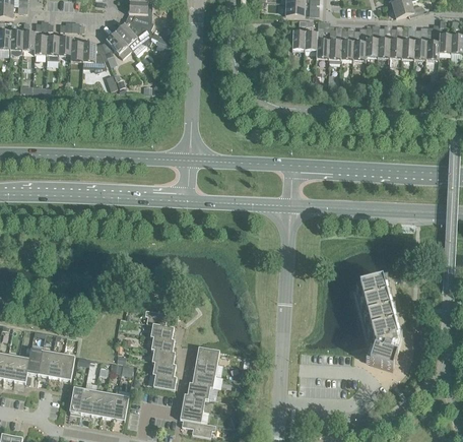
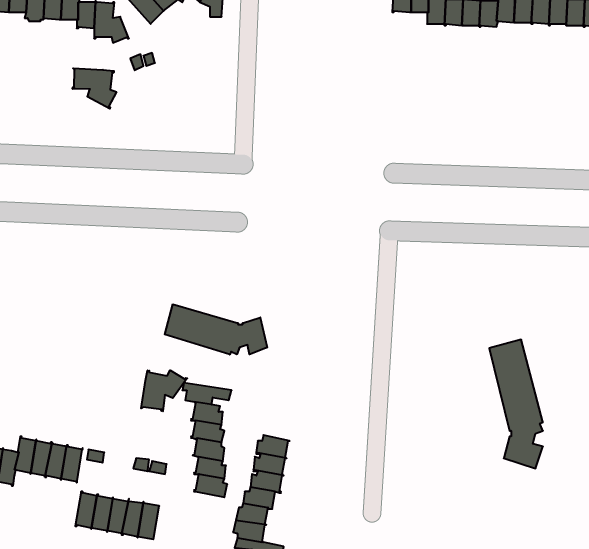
building: none -> [73,68,116,109]
building: none -> [165,304,267,355]
building: none -> [141,370,187,411]

